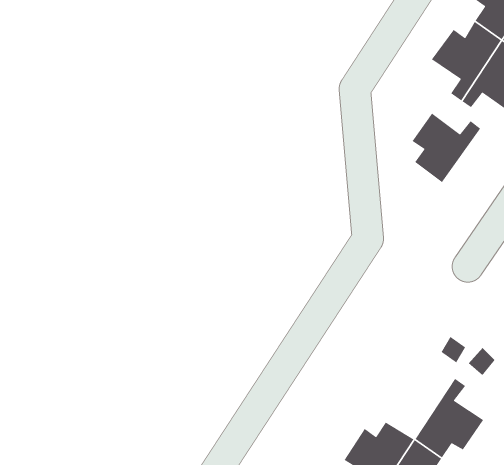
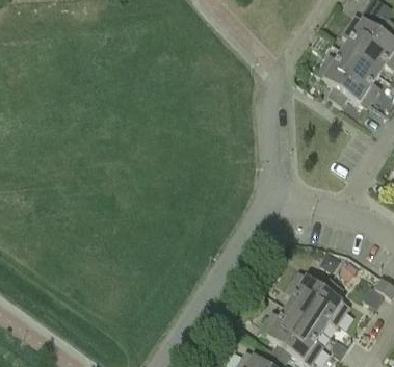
building: [411,113,481,183] -> none
building: none -> [287,272,332,318]

